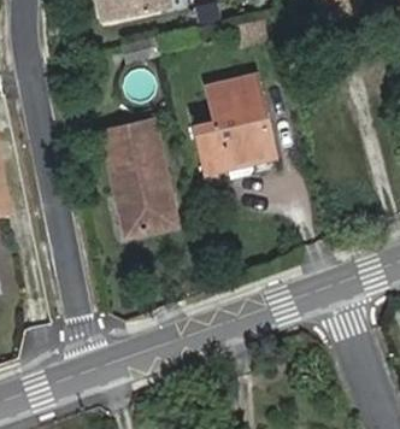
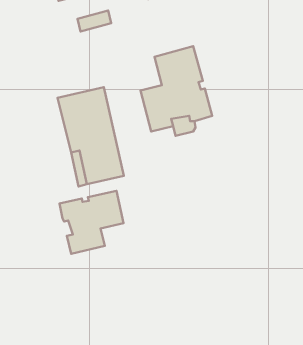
building: none -> [59,191,124,254]

